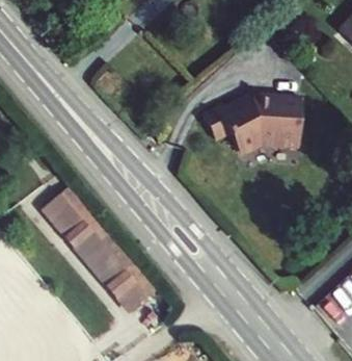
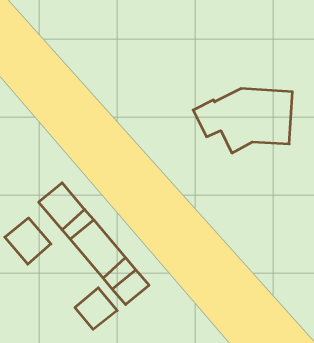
building: none -> [5,218,51,264]
building: none -> [75,288,117,329]

